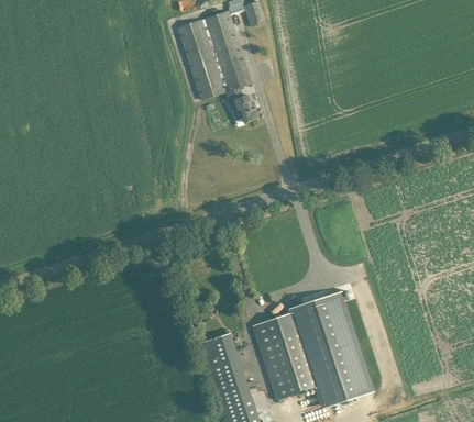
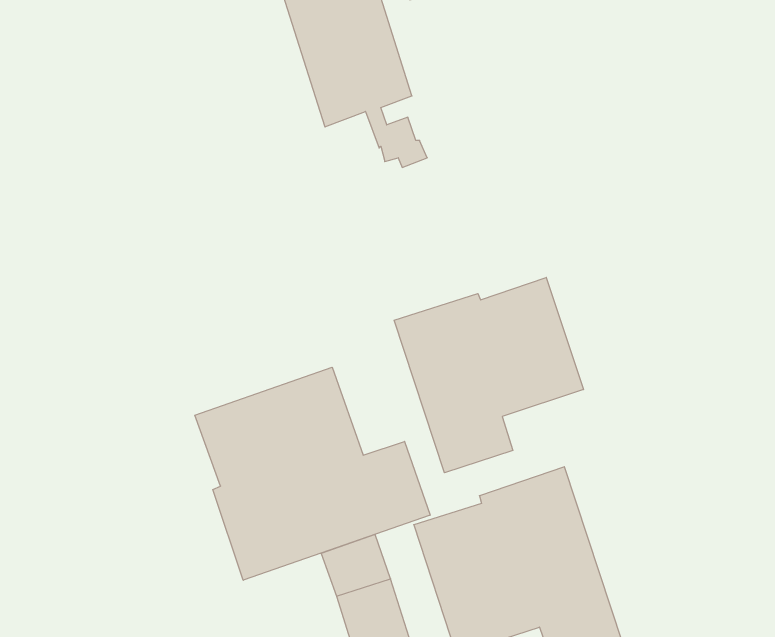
building: none -> [394,277,583,473]
building: none -> [195,367,430,580]

